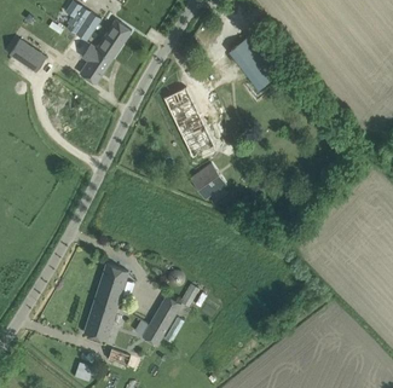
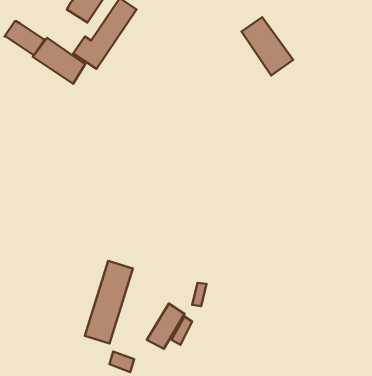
building: none -> [33,38,85,84]
building: [163,87,214,157] -> none
building: [191,164,225,198] -> none

